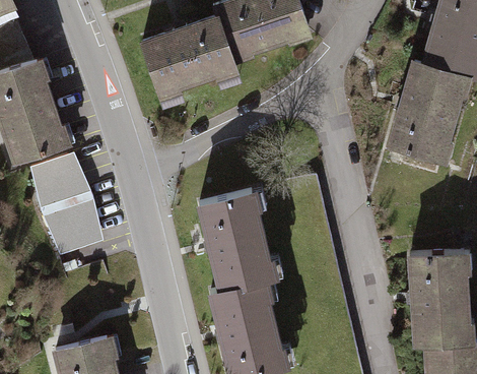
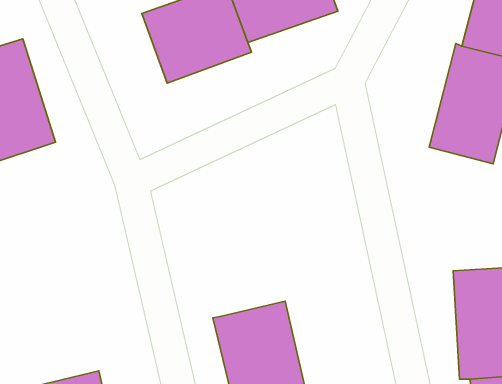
building: [31,155,103,257] -> none
building: [191,189,275,293] -> none

